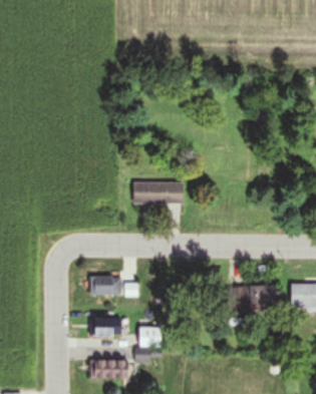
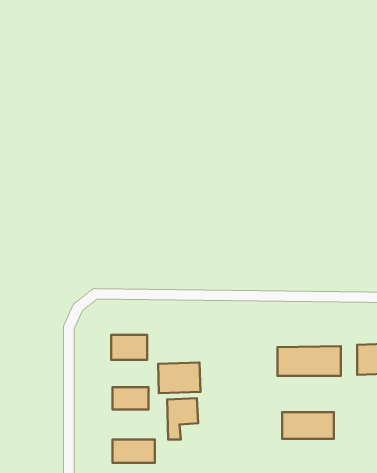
building: [132,182,183,204] -> none
building: none -> [158,363,200,393]
building: none -> [282,412,334,439]

